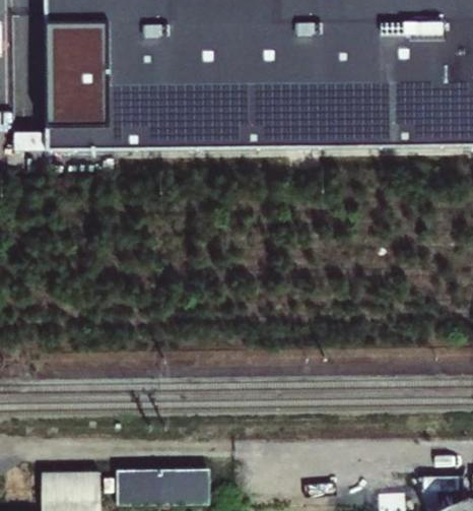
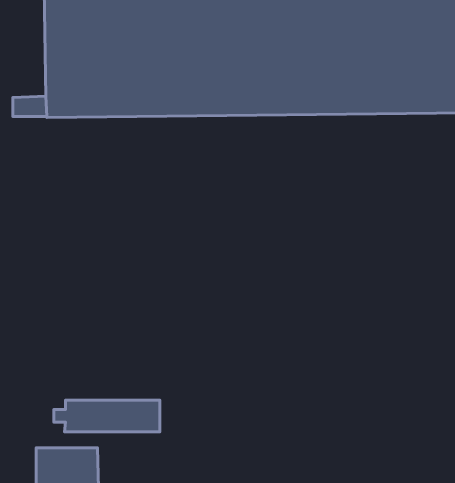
building: [107,468,208,499] -> [54,400,160,432]

